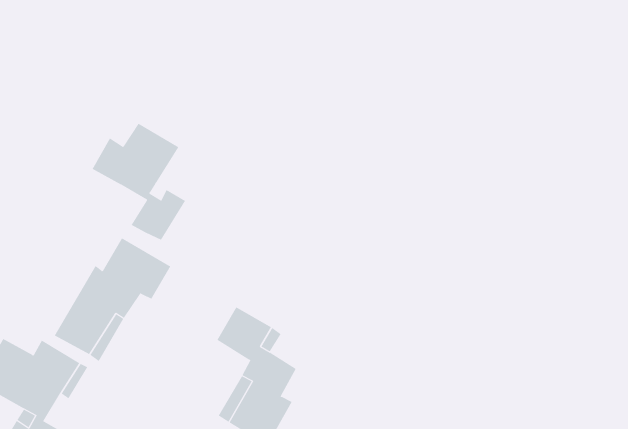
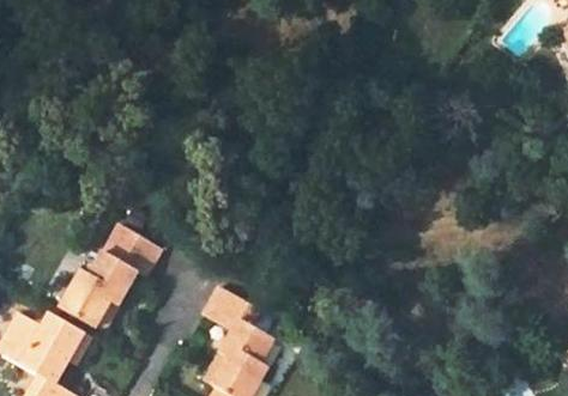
building: [92,123,186,241] -> none

